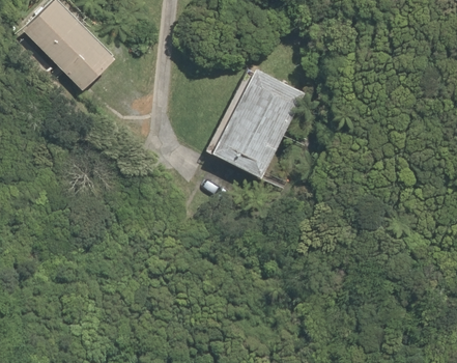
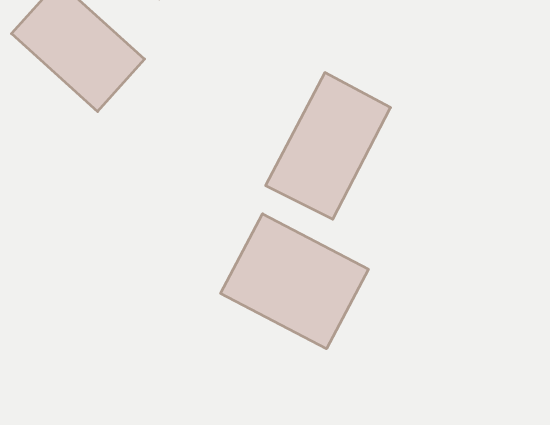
building: none -> [221,214,368,349]

